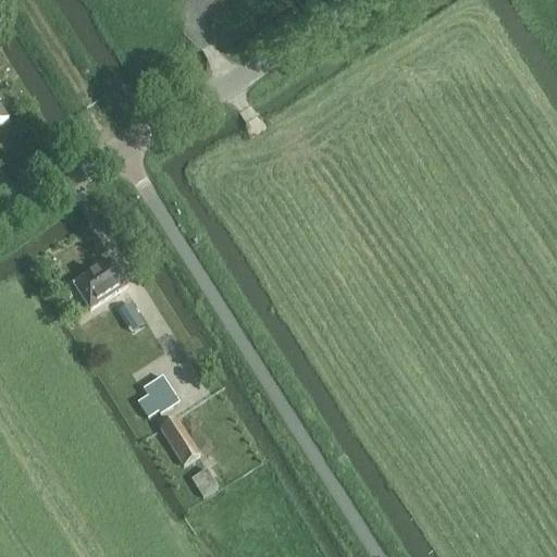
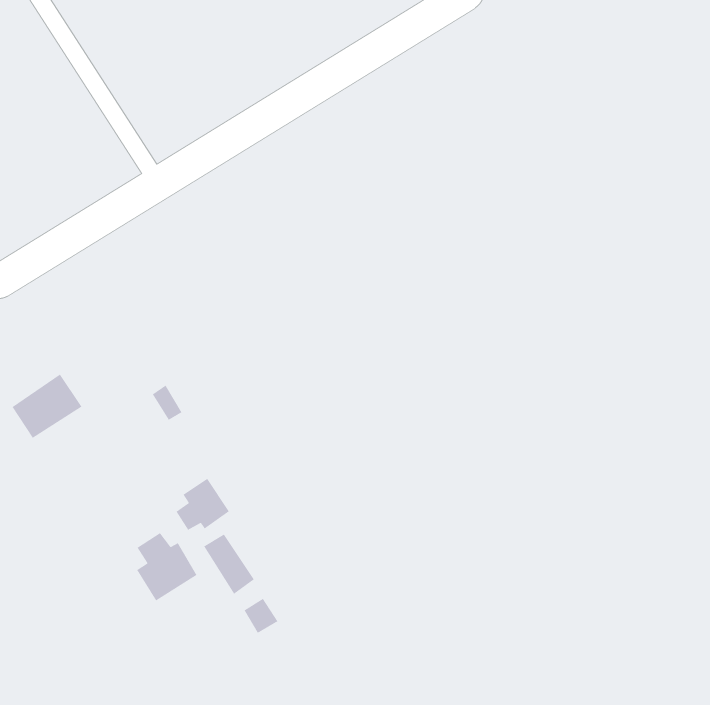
building: [72,256,127,307] -> [12,373,83,439]
building: none -> [136,532,197,601]

